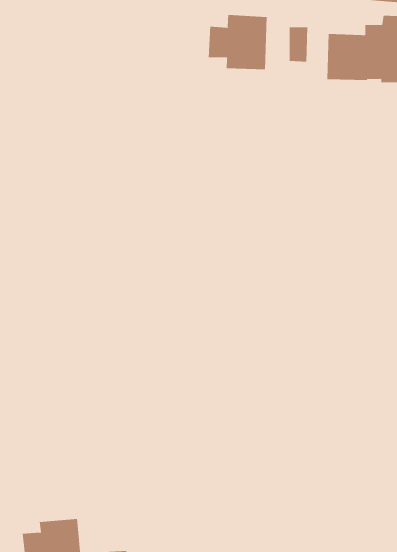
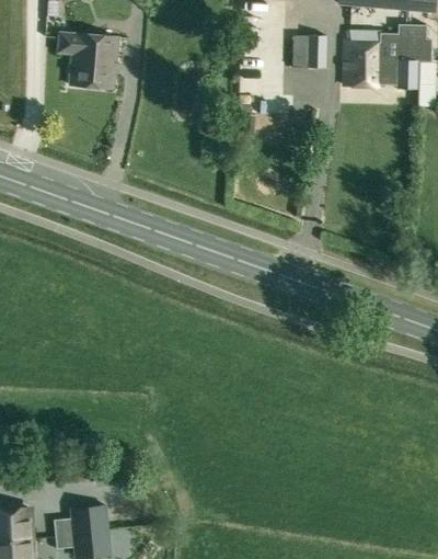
building: [208,14,267,70] -> none
building: none -> [58,33,117,89]

